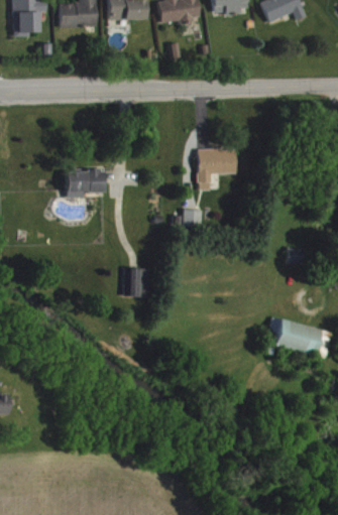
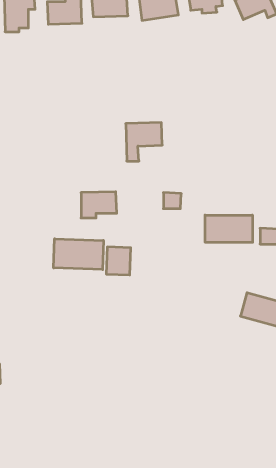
building: [198,148,237,189] -> [126,123,162,161]
building: [66,169,104,198] -> [81,192,117,218]
building: none -> [205,215,253,242]
building: none -> [54,239,103,270]

